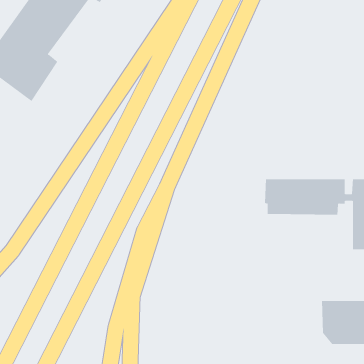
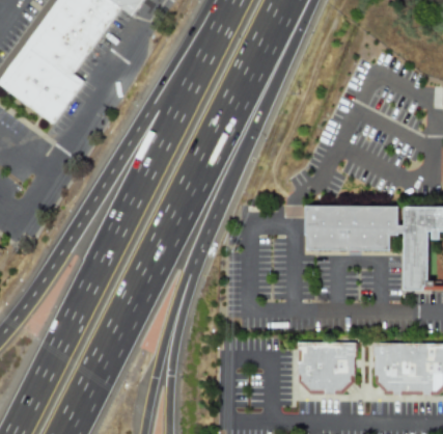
building: none -> [299,343,356,392]

